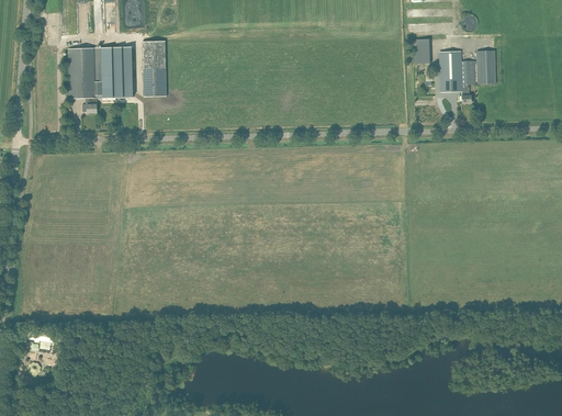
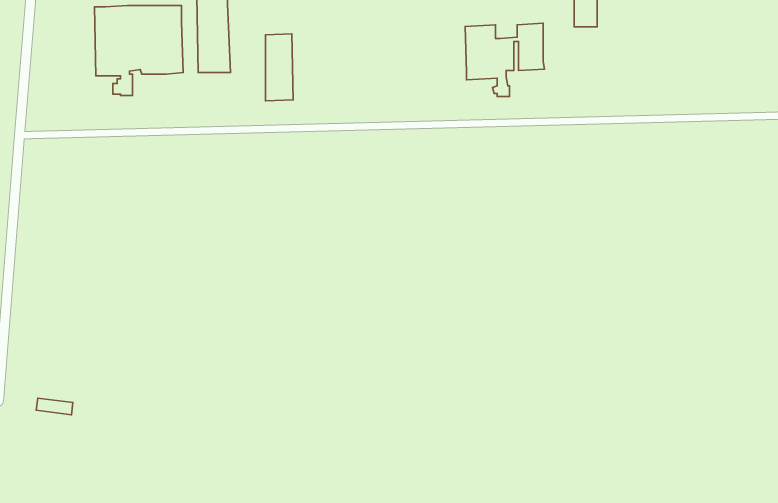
building: [439,49,496,102] -> [465,23,545,97]
building: none -> [266,34,293,101]

